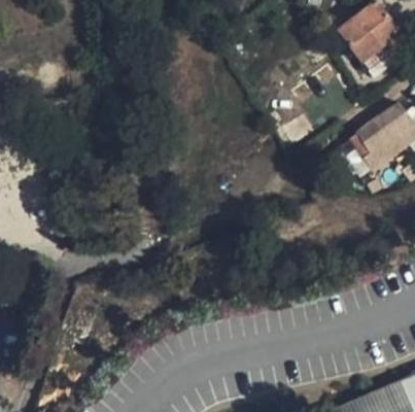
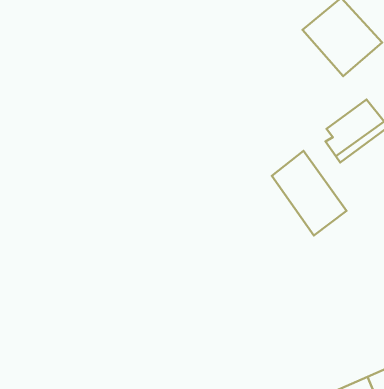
building: none -> [272,151,347,235]

